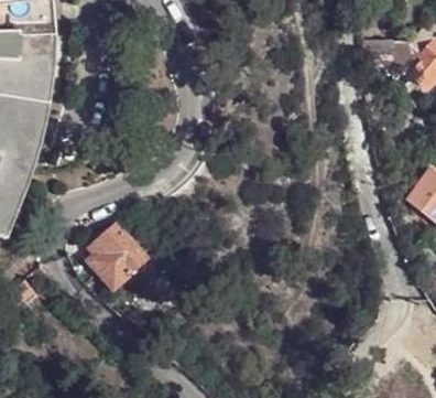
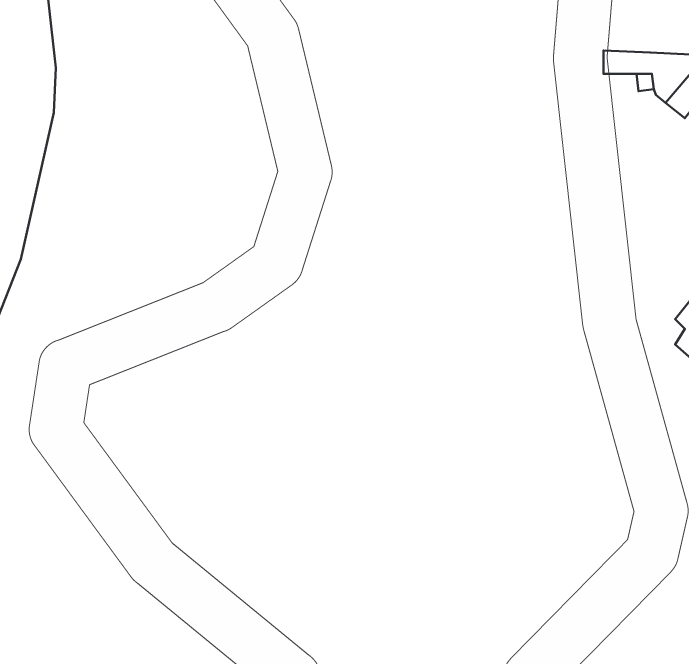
building: [92,222,154,287] -> none

